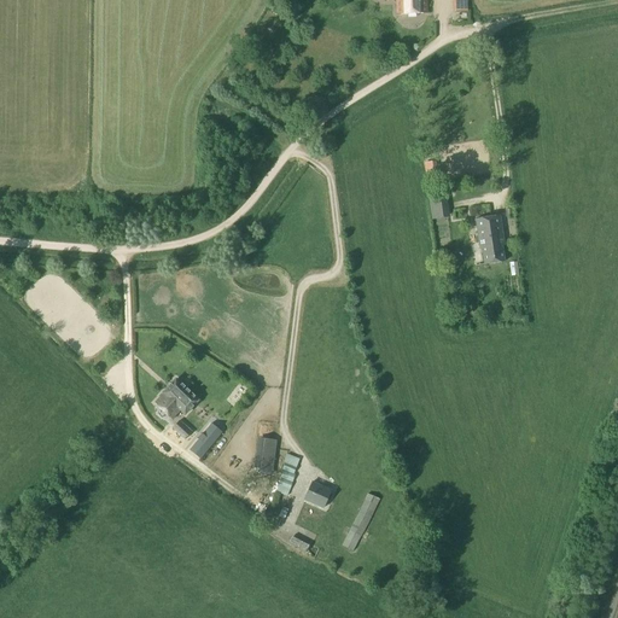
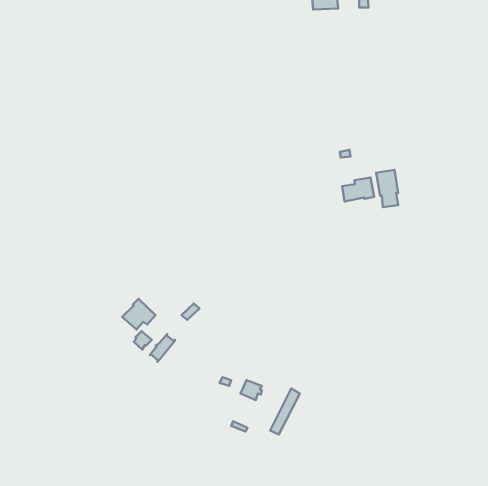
building: none -> [342,178,374,202]
building: [255,437,275,474] -> none

